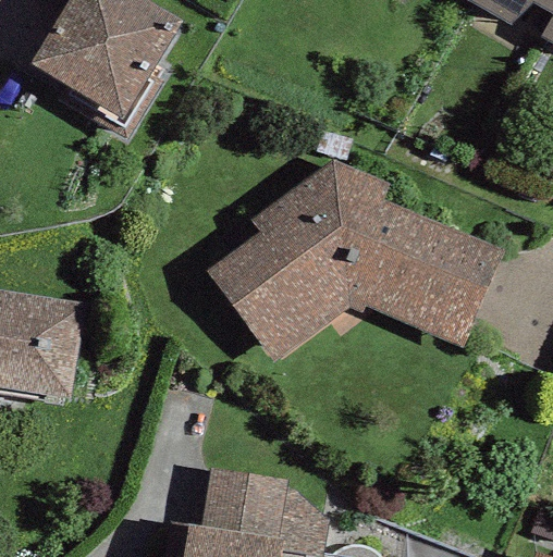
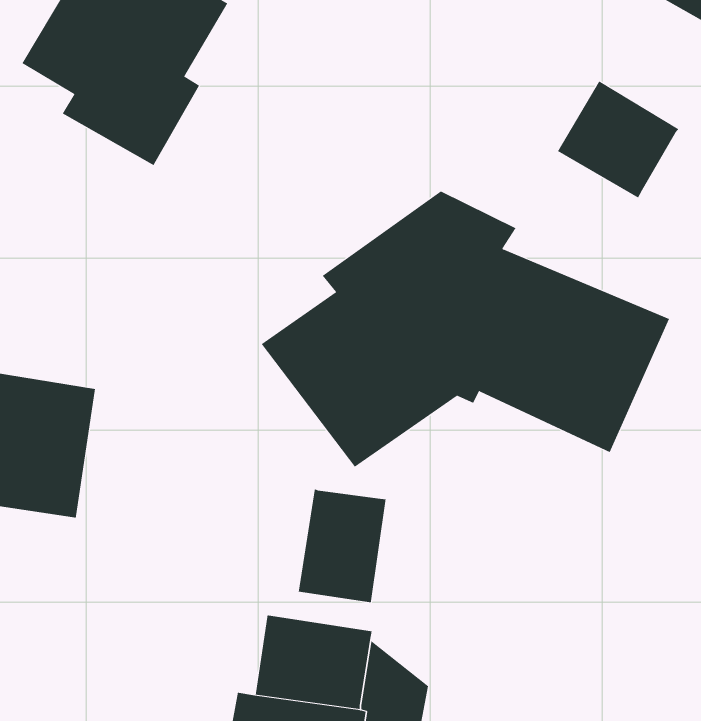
building: none -> [557,81,679,199]
building: none -> [298,489,386,603]

